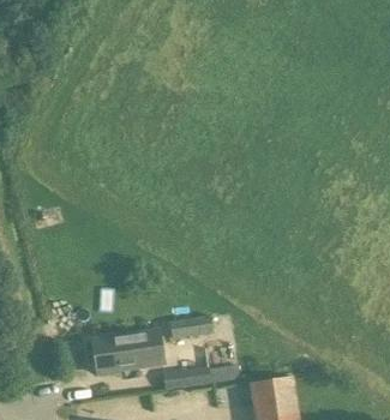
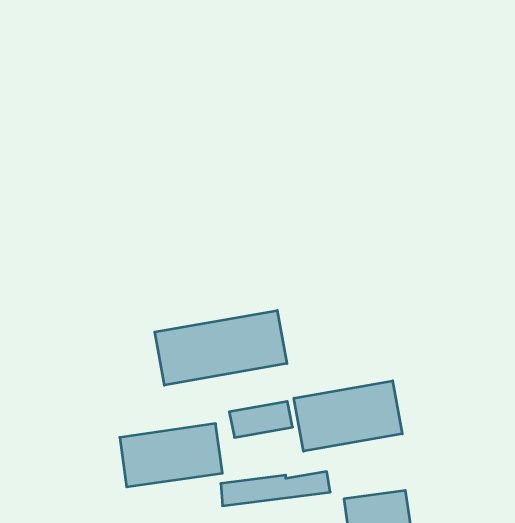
building: none -> [155,310,287,385]
building: none -> [294,381,402,451]

